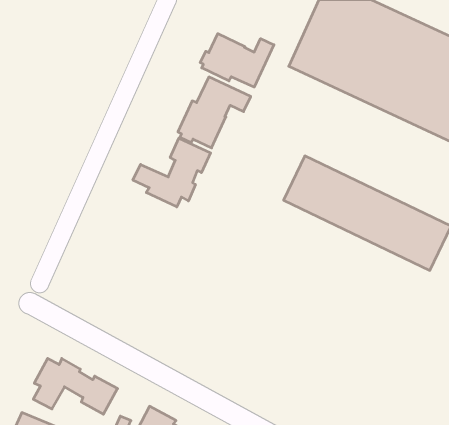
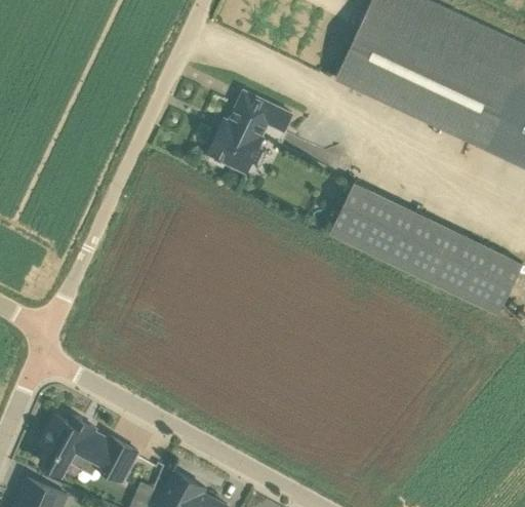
building: [200,34,274,87] -> none
building: [133,138,211,207] -> none

